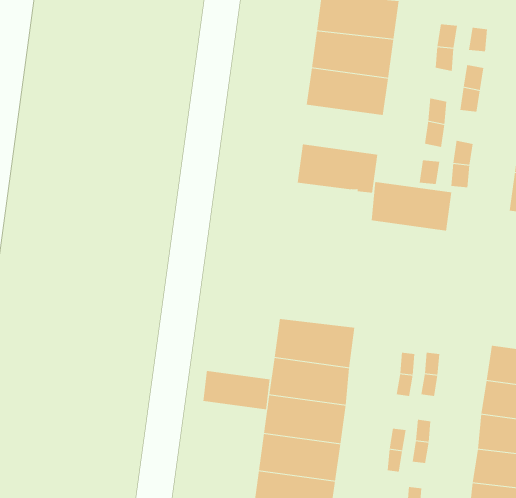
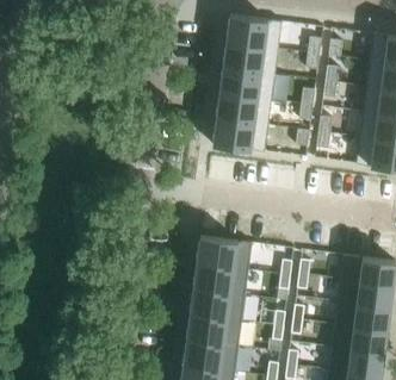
building: [371,182,452,231] -> [216,92,271,125]
building: [203,370,270,410] -> none

